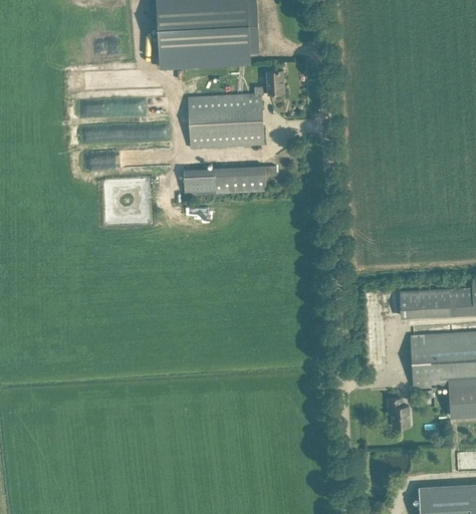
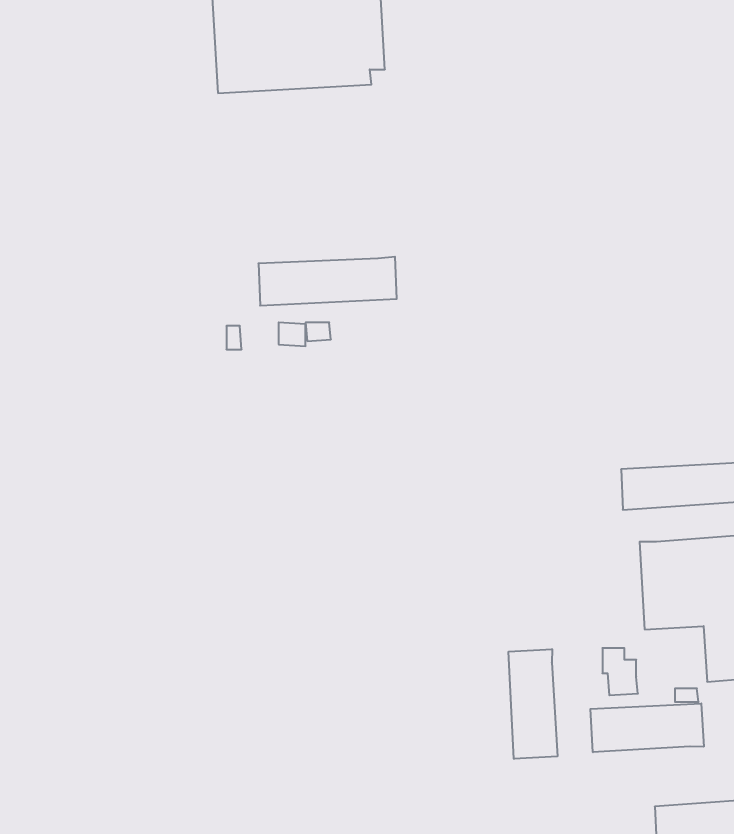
building: [188,69,285,147] -> none
building: none -> [509,649,557,759]
building: none -> [590,703,704,752]

